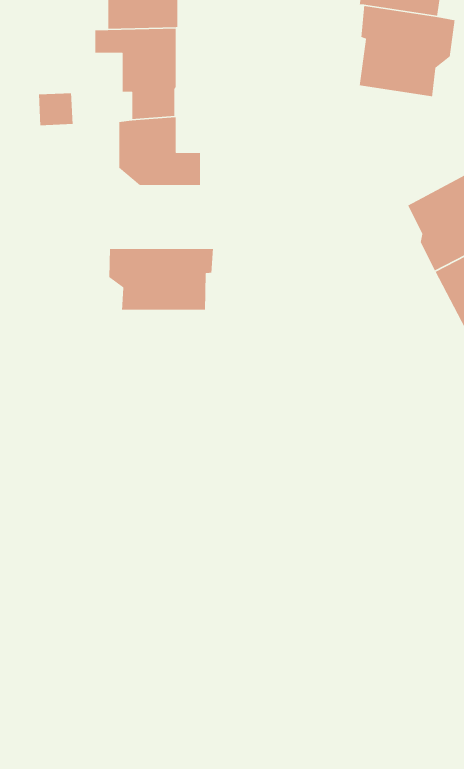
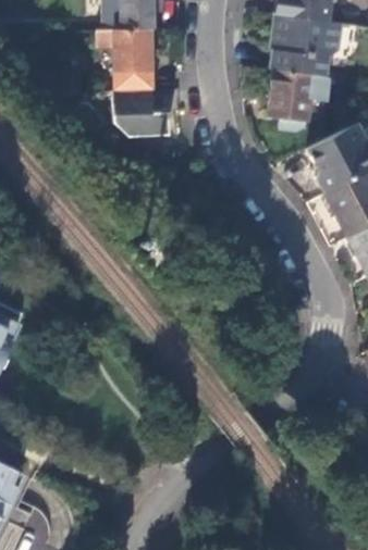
building: none -> [268,70,326,122]
building: [108,248,214,310] -> none

